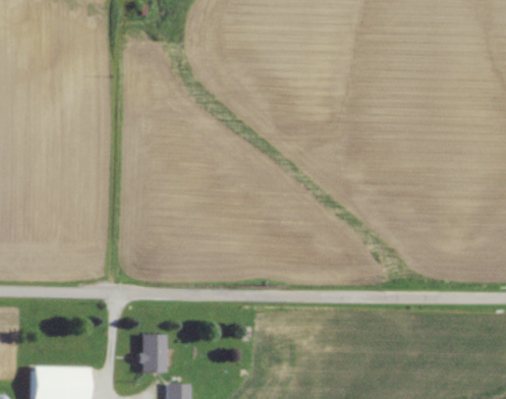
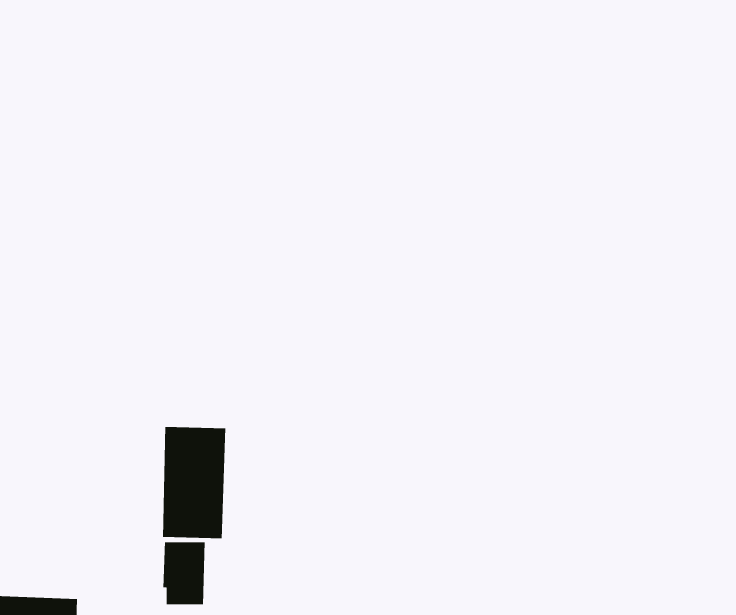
building: none -> [162,426,226,539]

